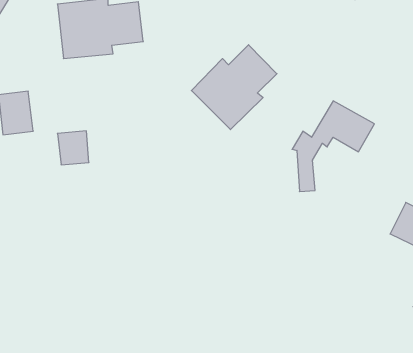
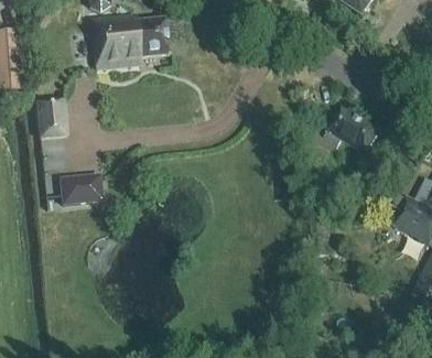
building: [191,45,277,130] -> none
building: [57,131,89,165] -> [74,172,102,203]

